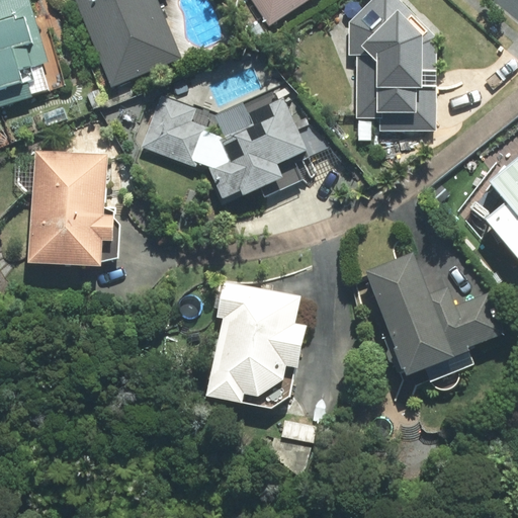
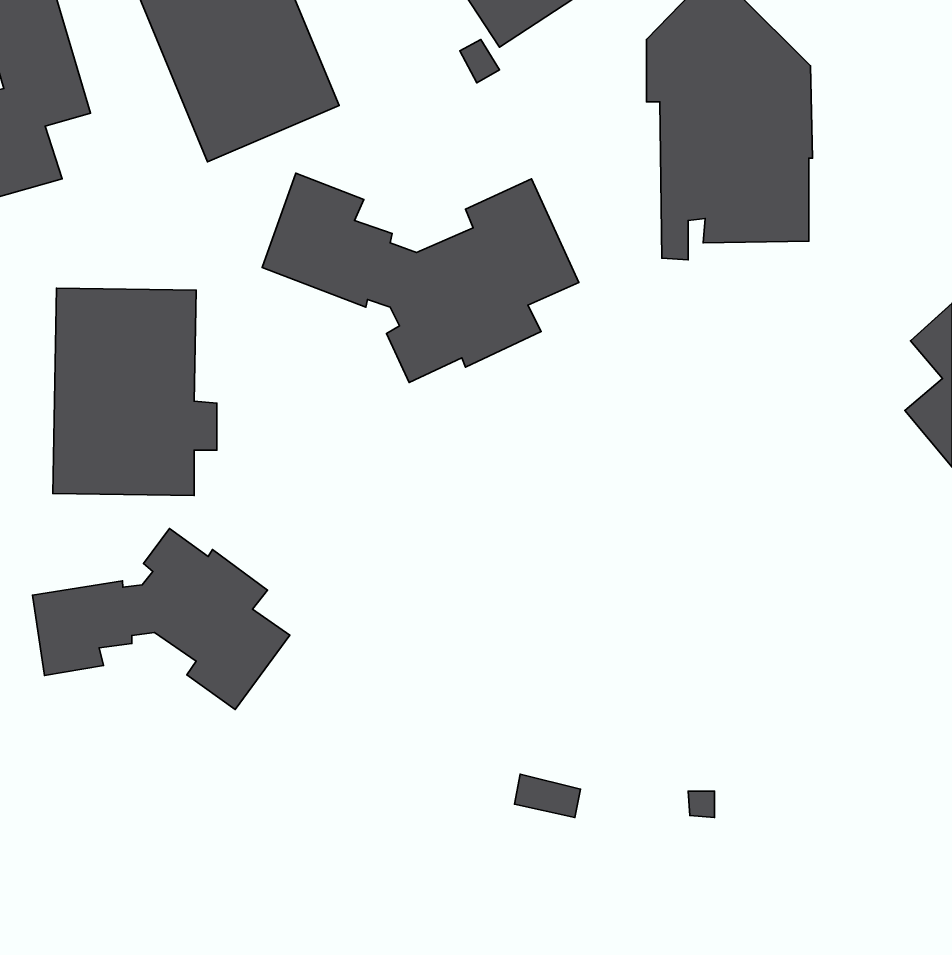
building: [365,252,505,382] -> none
building: [207,279,307,403] -> none
building: none -> [33,528,290,710]

